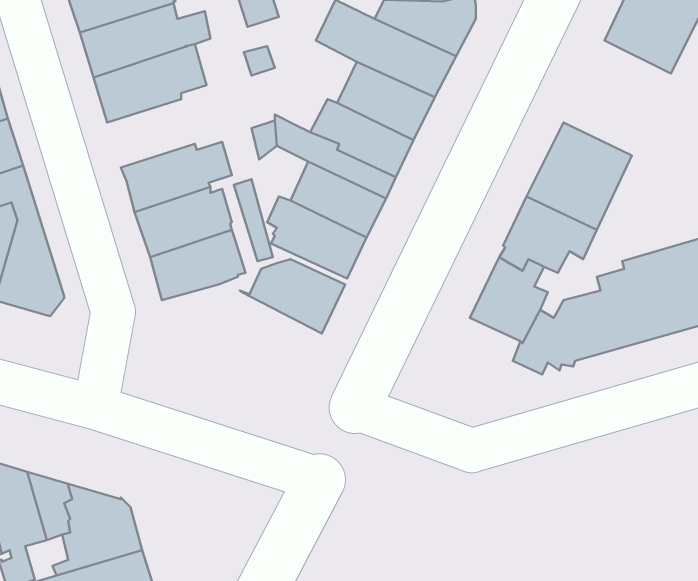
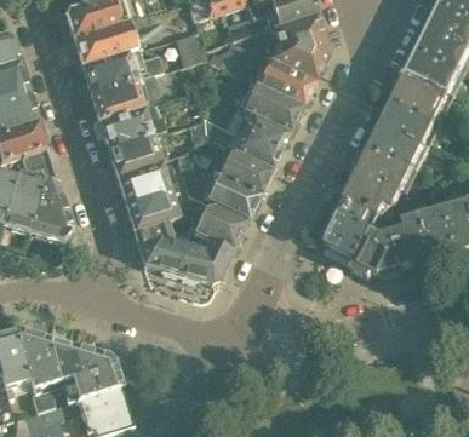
building: none -> [382,67,448,139]
building: none -> [98,102,165,146]
building: none -> [132,219,231,282]

